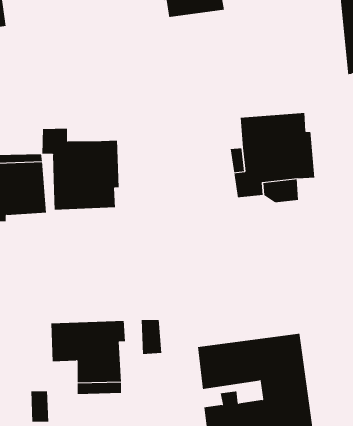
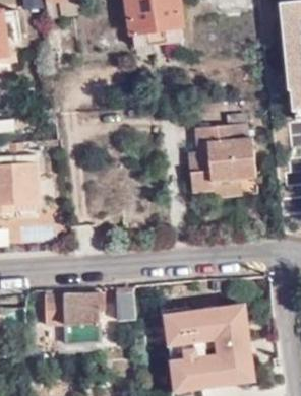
building: [42,128,119,210] -> none

